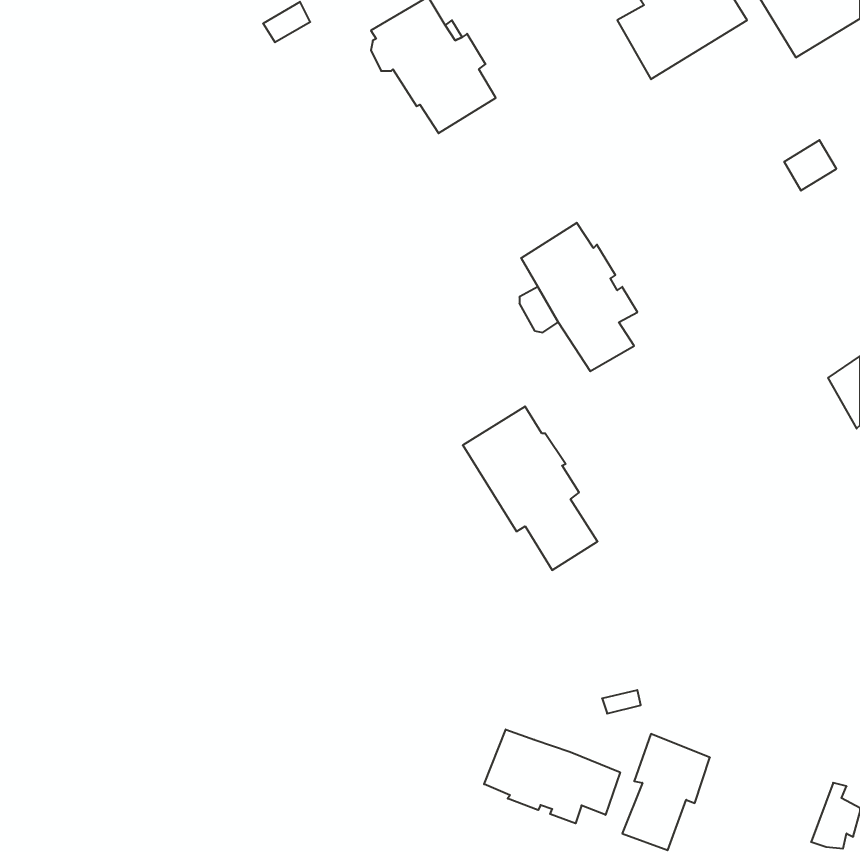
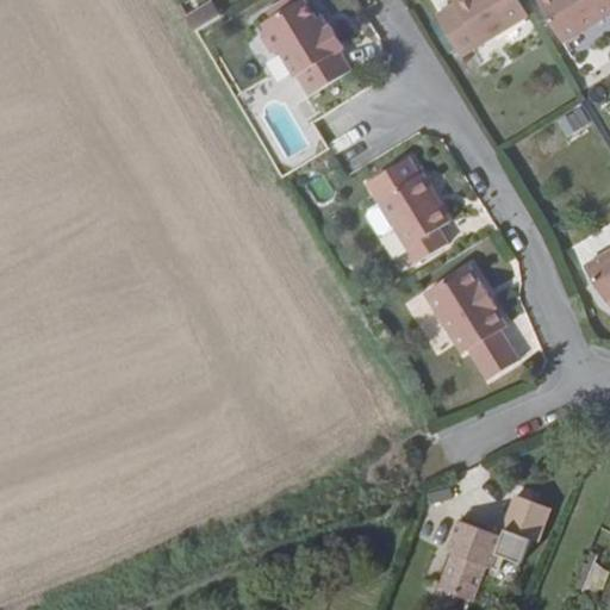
building: [463,406,598,570] -> [424,264,519,380]
building: none -> [503,494,549,541]
building: [484,729,620,823] -> none

